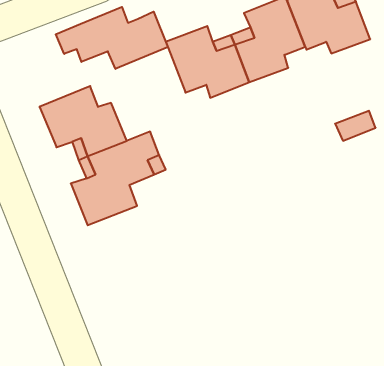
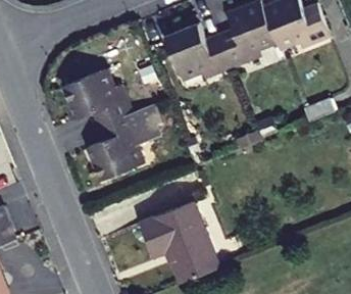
building: [56,7,168,69] -> none
building: none -> [138,192,217,274]

